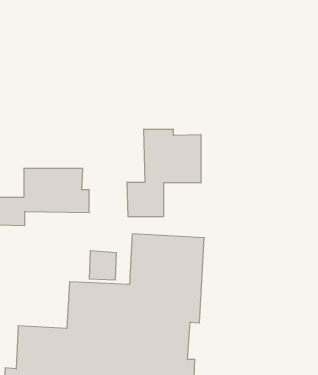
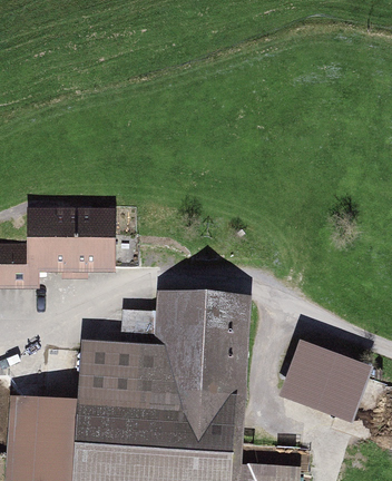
building: [127,129,201,217] -> none
building: none -> [285,347,354,413]

